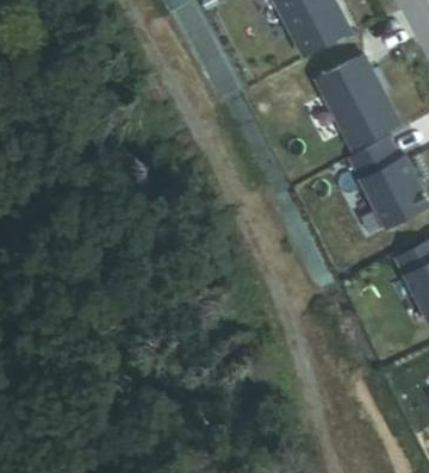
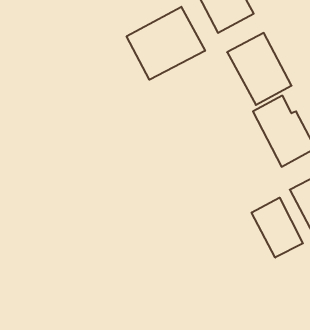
building: none -> [127,7,205,80]
building: none -> [252,198,303,258]

